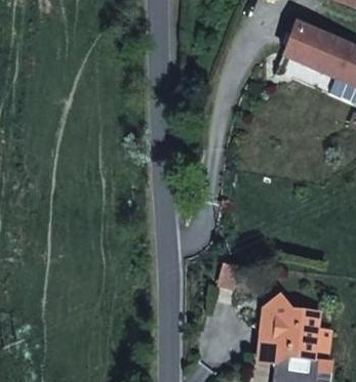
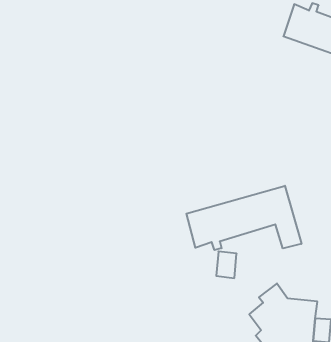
building: none -> [186,186,301,250]

